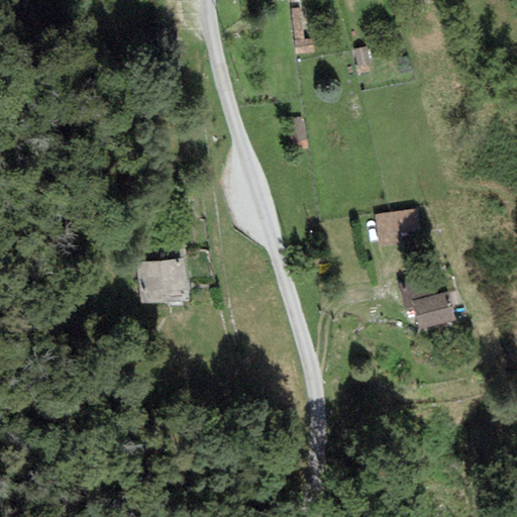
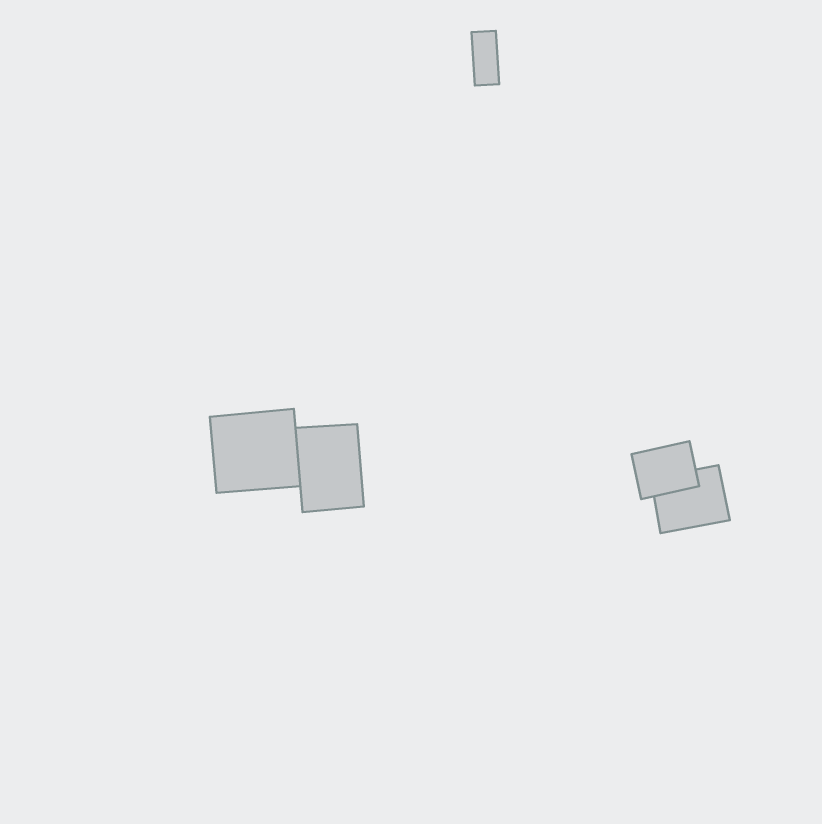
building: [372,207,424,247] -> none
building: none -> [296,424,364,512]

